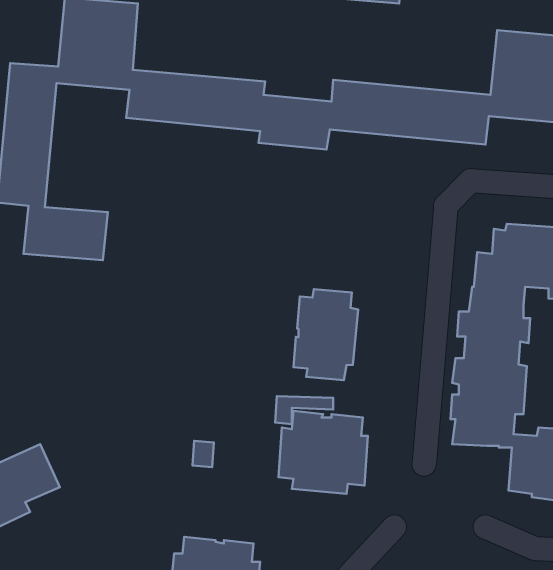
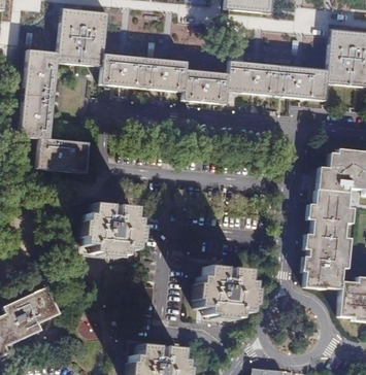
building: [293,289,358,380] -> none
building: none -> [80,204,136,254]

